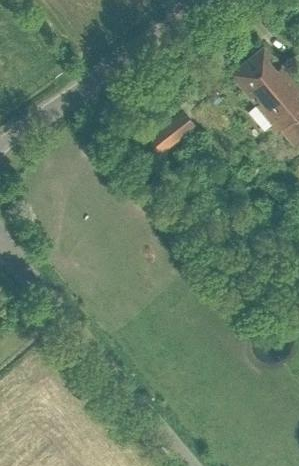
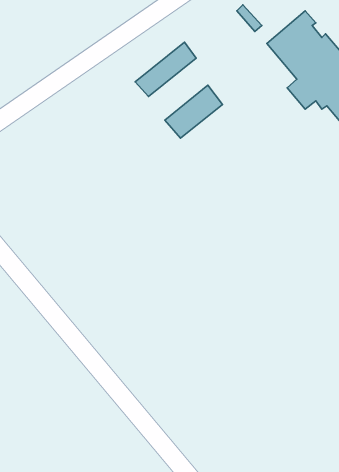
building: none -> [135,42,196,97]

